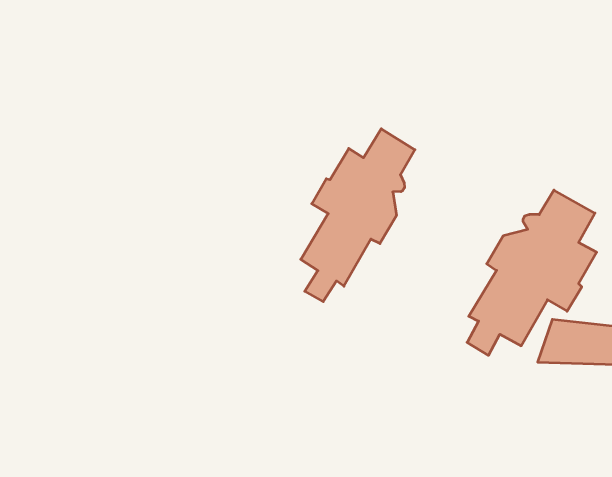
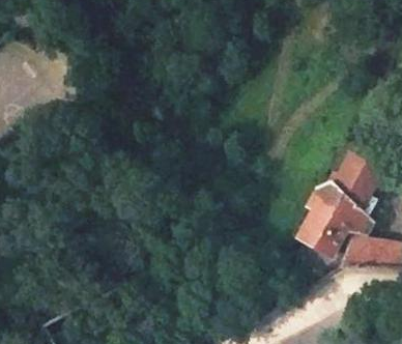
building: [301,129,415,302] -> none

